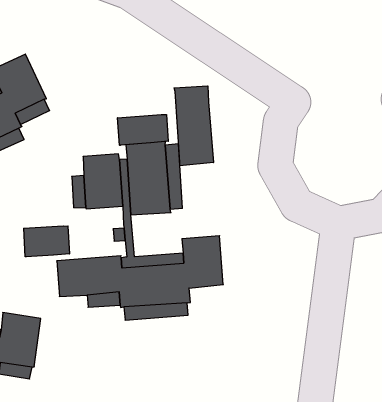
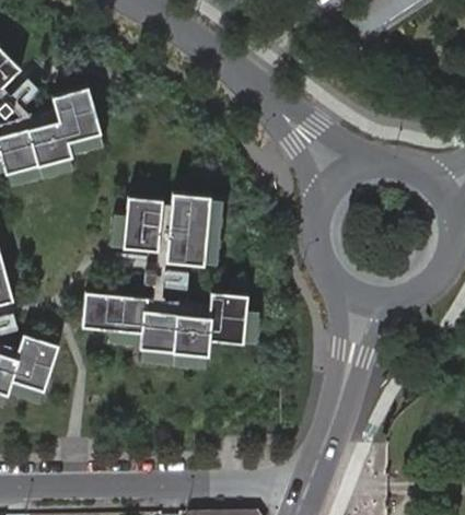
building: [174,86,213,166] -> none
building: [118,115,168,145] -> none
building: [24,226,69,257] -> none

